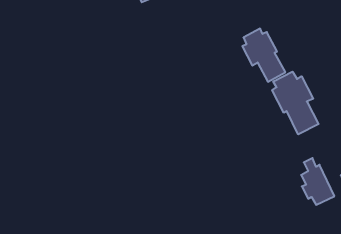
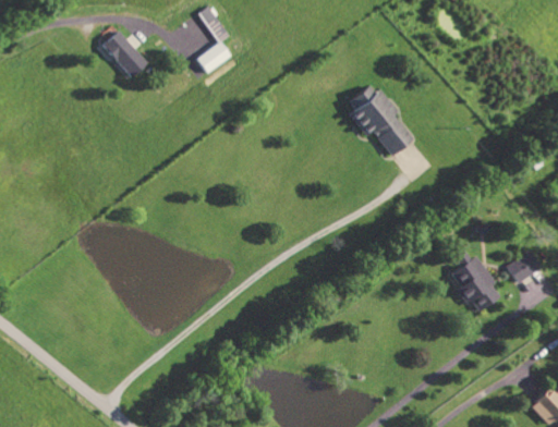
building: [272,72,319,134] -> none

